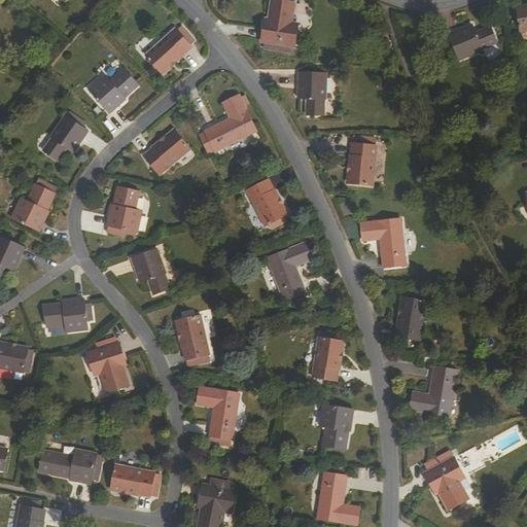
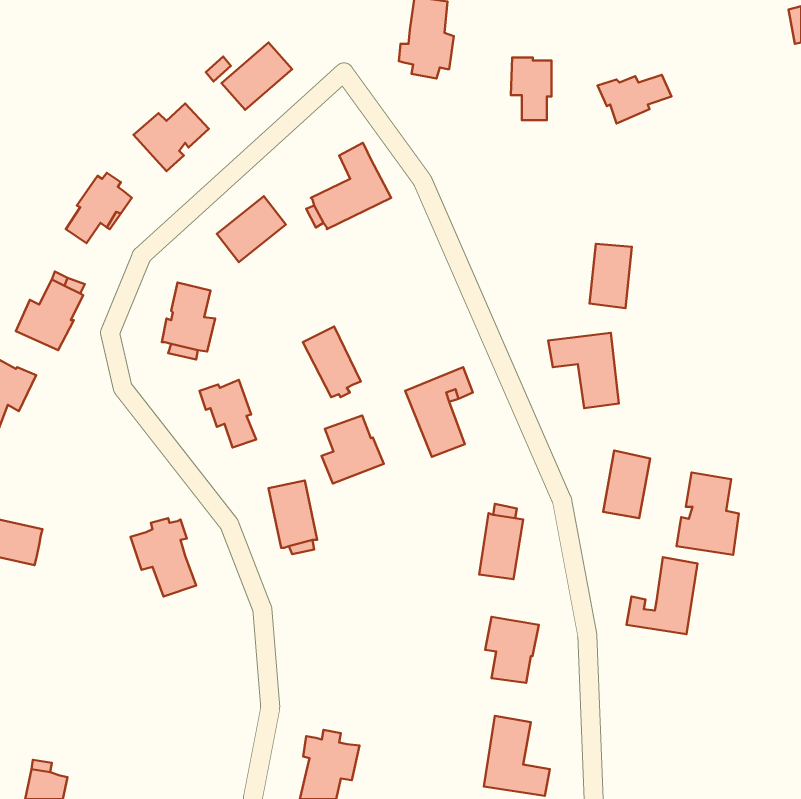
building: [452,24,500,56] -> [598,75,671,123]
building: [298,71,325,112] -> [511,57,552,120]
building: [347,143,375,185] -> [589,244,632,308]
building: [247,178,285,224] -> [303,327,361,397]
building: none -> [322,416,384,483]
building: [44,297,87,330] -> none
building: none -> [677,472,739,555]
building: [196,387,239,446] -> none
building: [50,449,102,483] -> none
building: [424,456,467,508] -> none
building: [110,464,153,495] -> none

